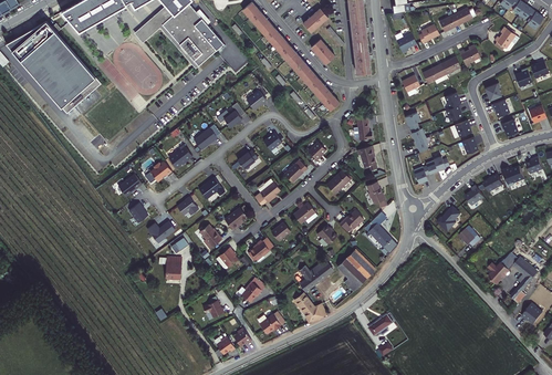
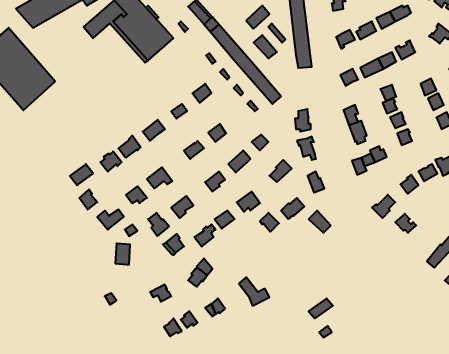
building: [300,242,375,291] -> none

